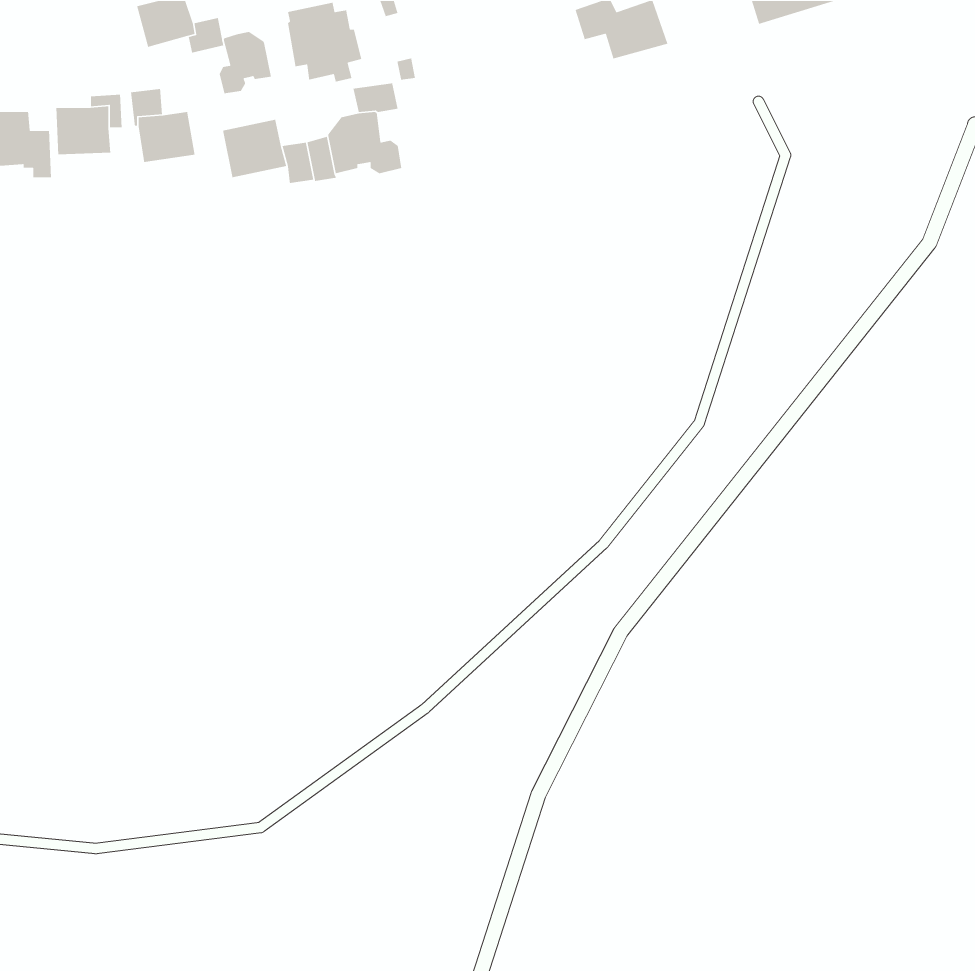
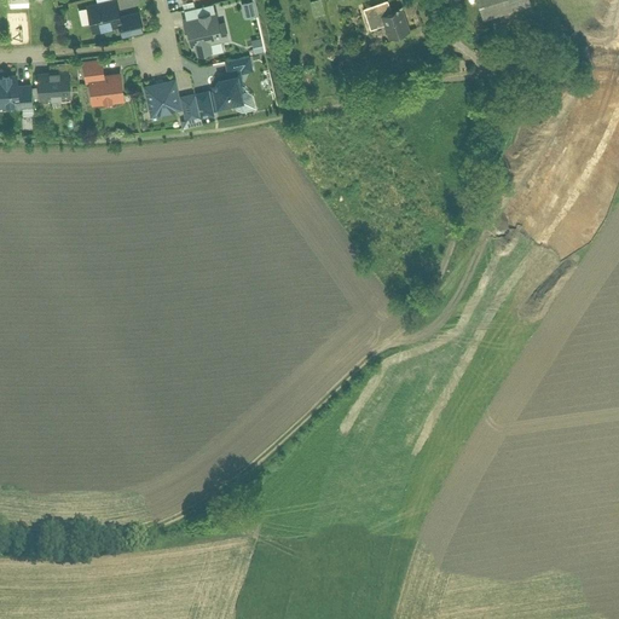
building: [219,31,272,94] -> none

